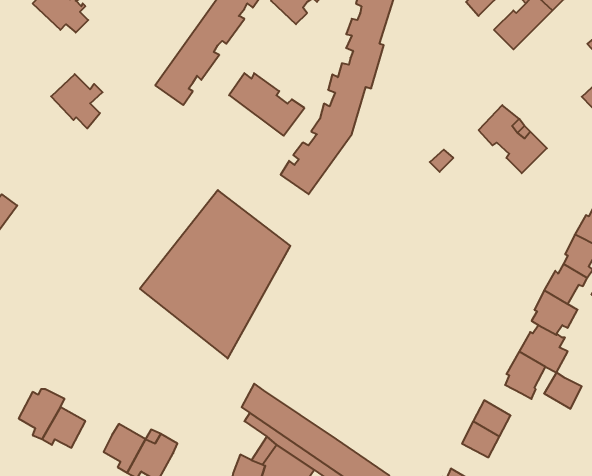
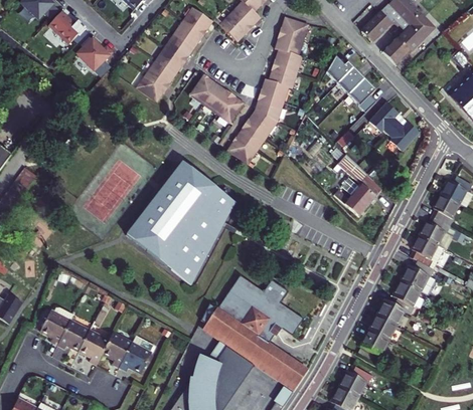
building: none -> [326,55,377,112]
building: [51,74,103,128] -> [76,42,114,81]
building: none -> [332,156,383,220]
building: none -> [216,274,304,343]
building: [544,372,582,409] -> [375,299,403,326]
building: none -> [77,330,107,363]

